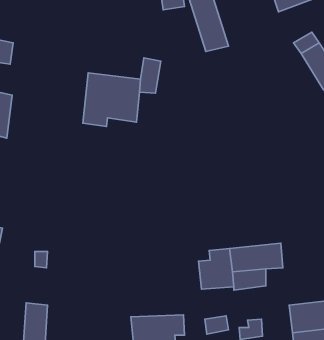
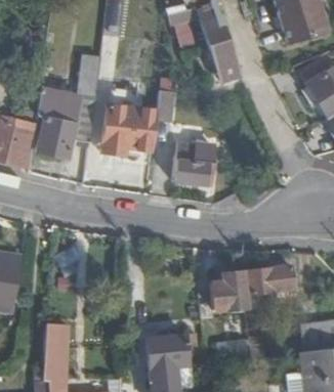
building: none -> [36,56,98,157]
building: none -> [169,143,212,187]

